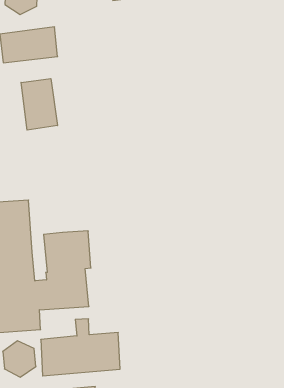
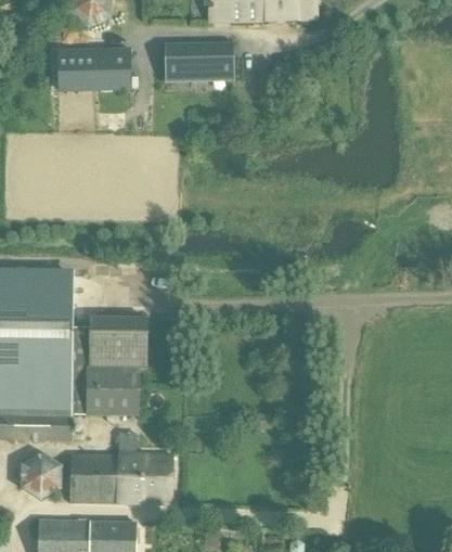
building: none -> [163,41,234,77]
building: [21,79,57,130] -> none

